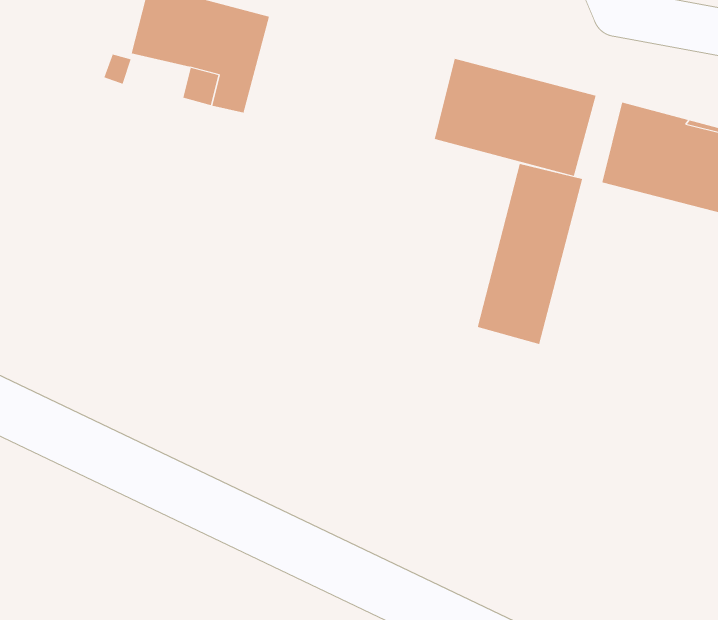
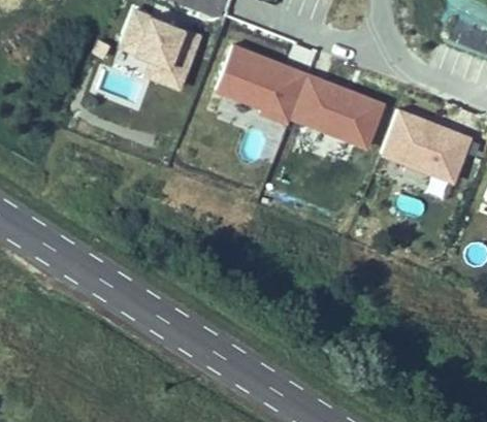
building: none -> [216,45,307,124]
building: [477,163,583,345] -> none

